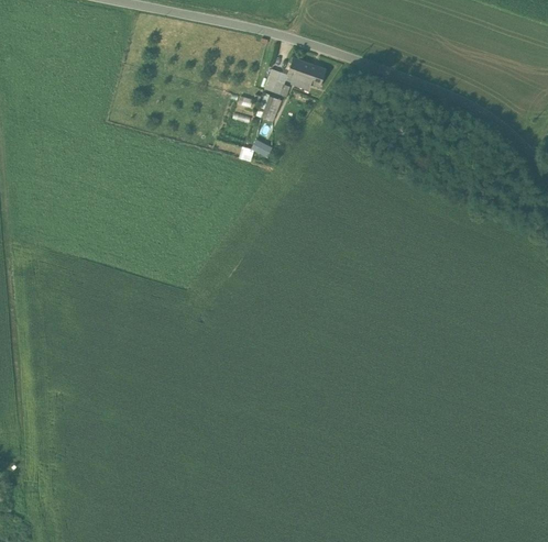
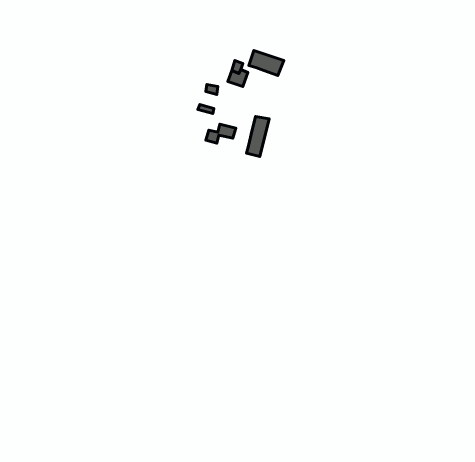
building: none -> [246,116,269,157]

